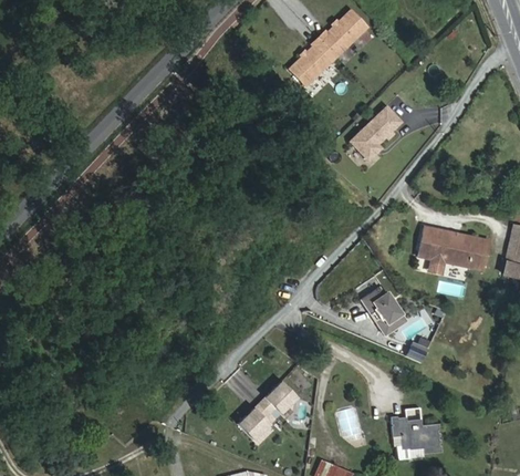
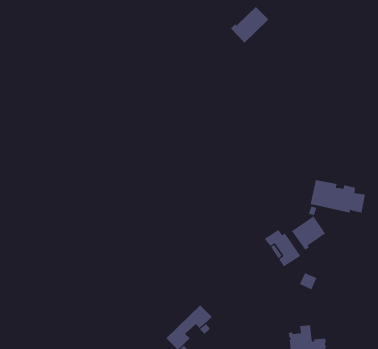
building: [290,37,336,84] -> none
building: [351,105,402,159] -> none
building: none -> [291,216,326,251]

